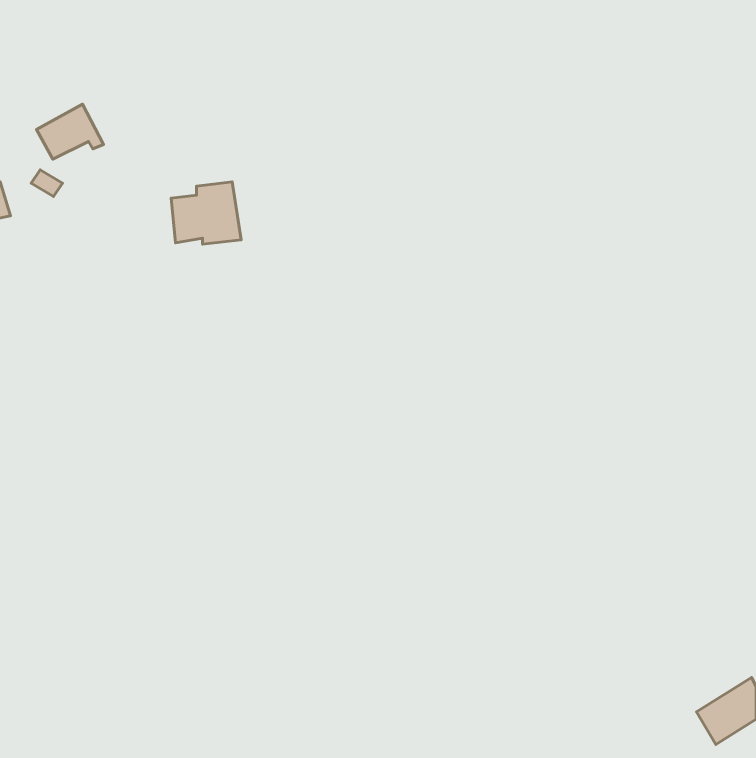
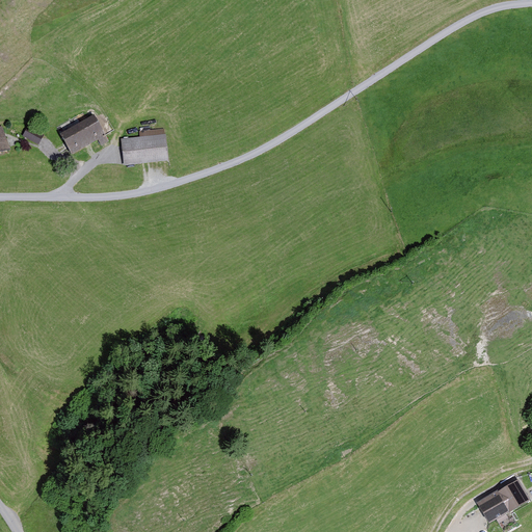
building: [36,104,103,159] -> [59,114,106,153]

